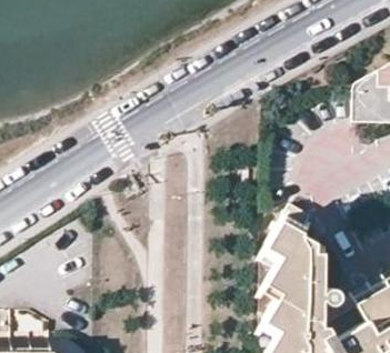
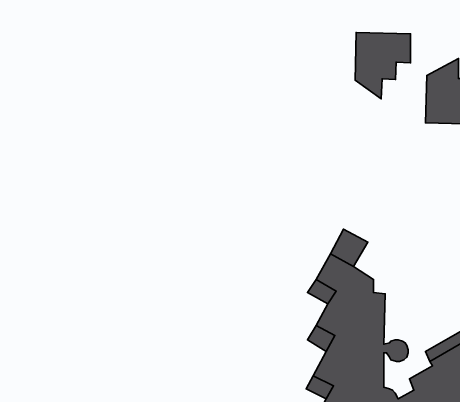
building: none -> [355,33,411,99]

